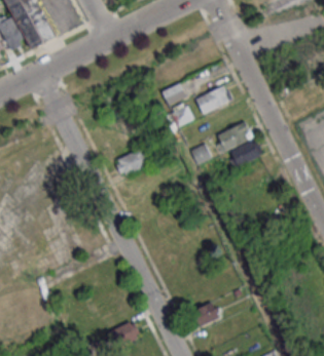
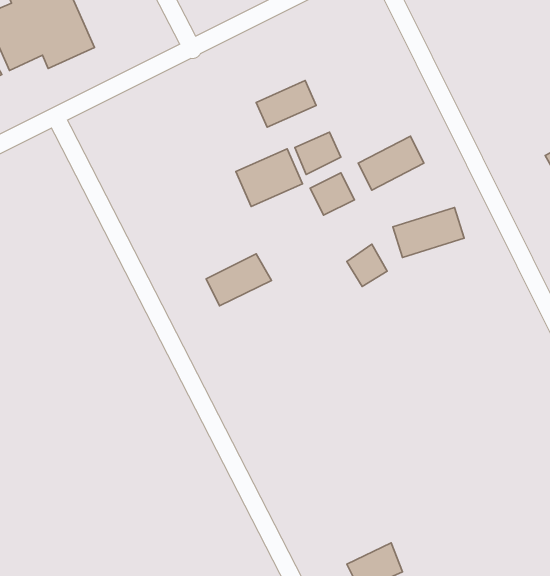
building: none -> [256,81,316,127]
building: none -> [236,149,303,207]
building: [229,140,263,167] -> none

